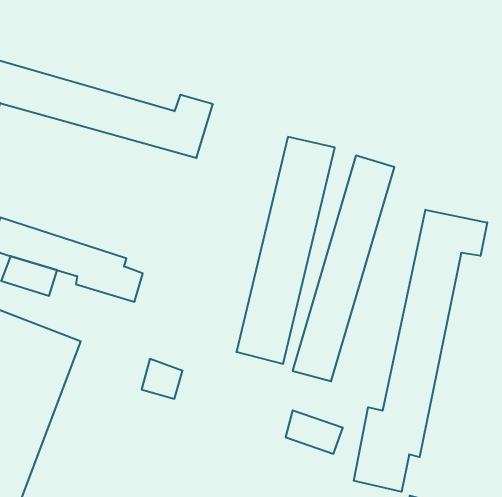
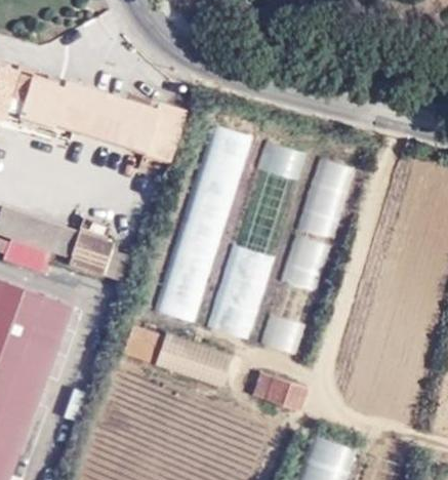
building: none -> [152,117,246,316]
building: [354,210,487,492] -> none

